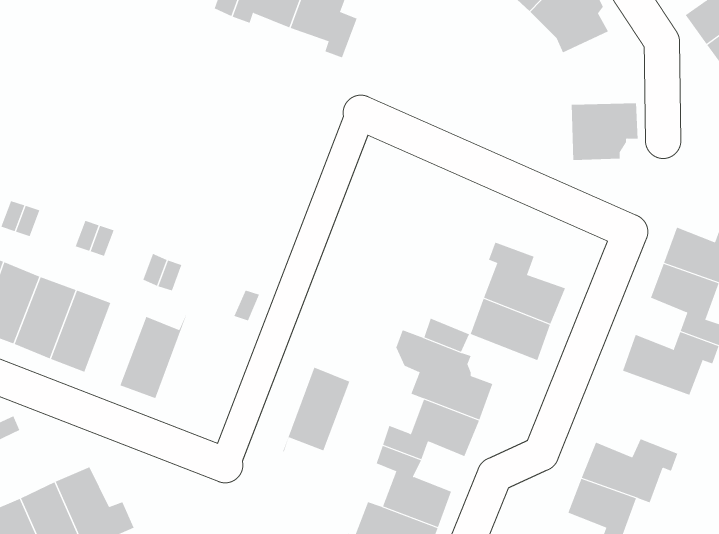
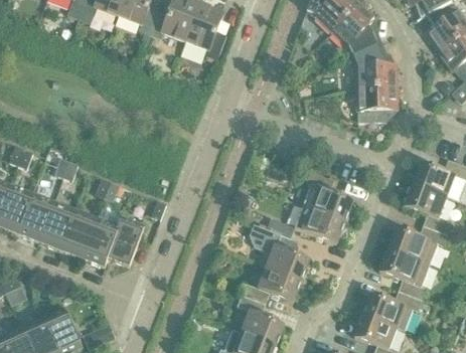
building: none -> [350,43,396,87]
building: none -> [59,208,97,258]
building: [282,367,350,453] -> [103,215,144,268]
building: none -> [378,249,428,300]

